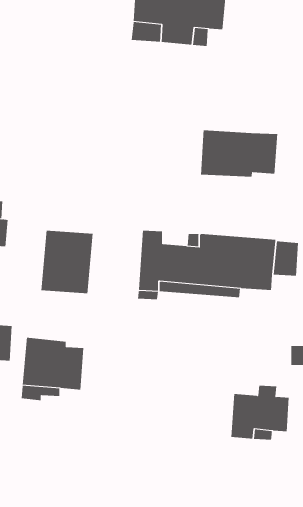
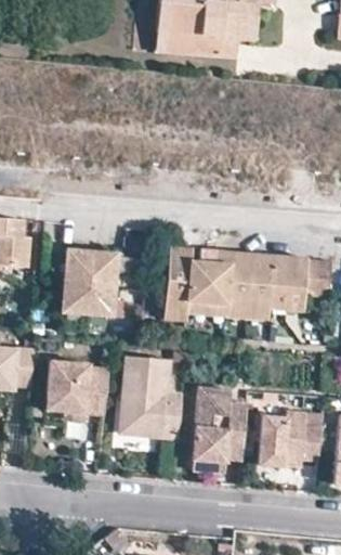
building: [201,129,278,178] -> none
building: none -> [119,356,182,438]
building: none -> [194,387,249,461]

